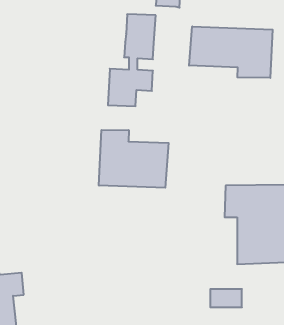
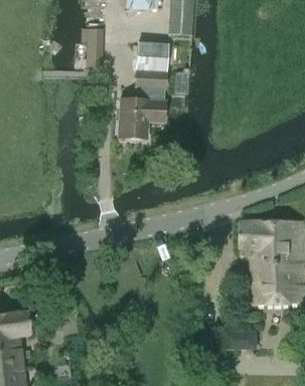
building: [189,26,273,78] -> none
building: [99,130,169,188] -> none

